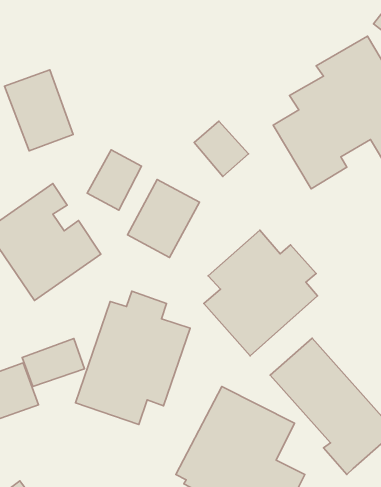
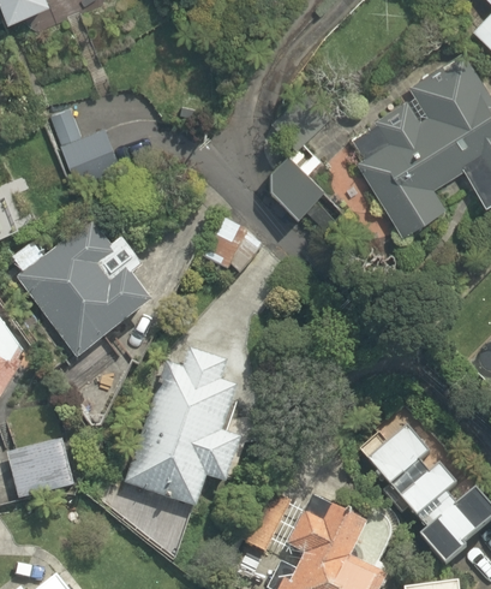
building: [87,150,142,210] -> none
building: [204,230,318,356] -> none
building: [22,338,84,387] -> none

